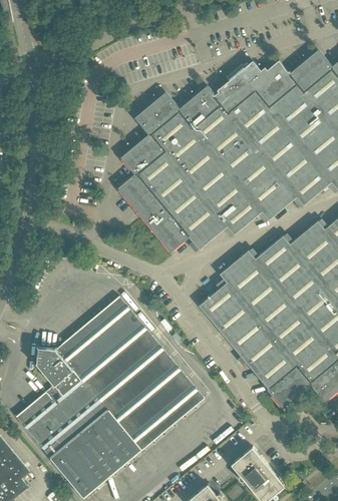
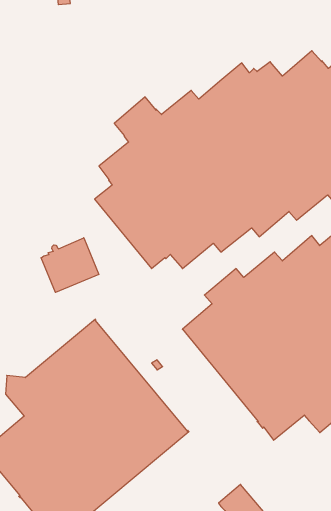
building: none -> [41,238,99,292]

